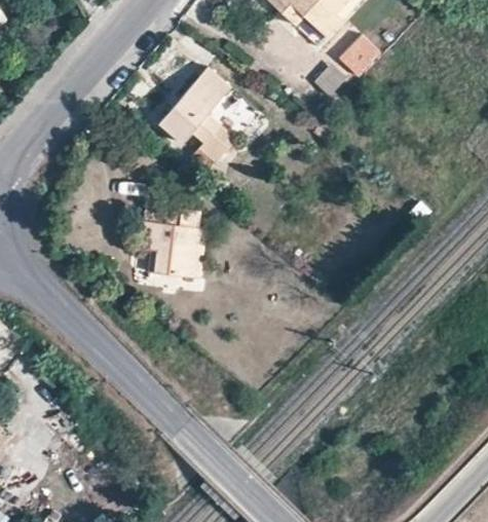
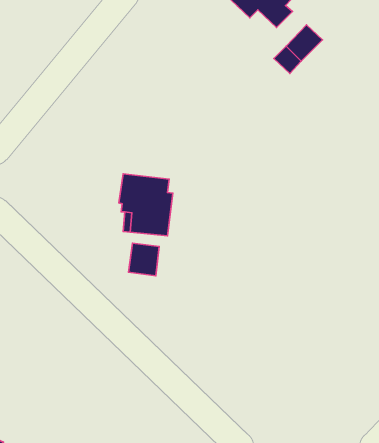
building: [159,69,234,163] -> none
building: none -> [129,243,159,276]

